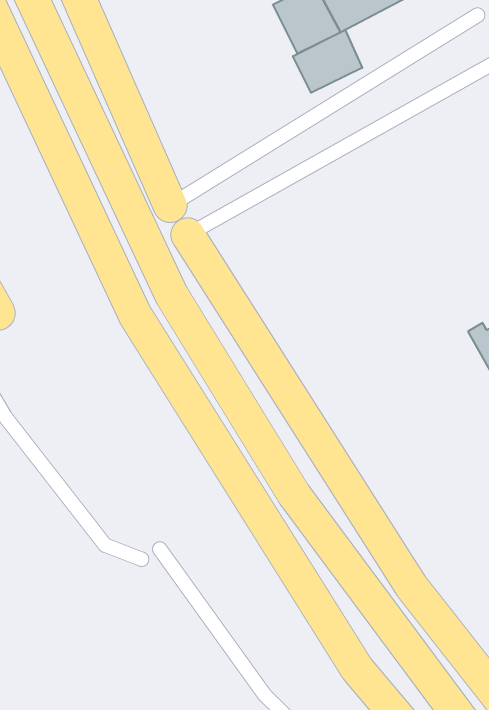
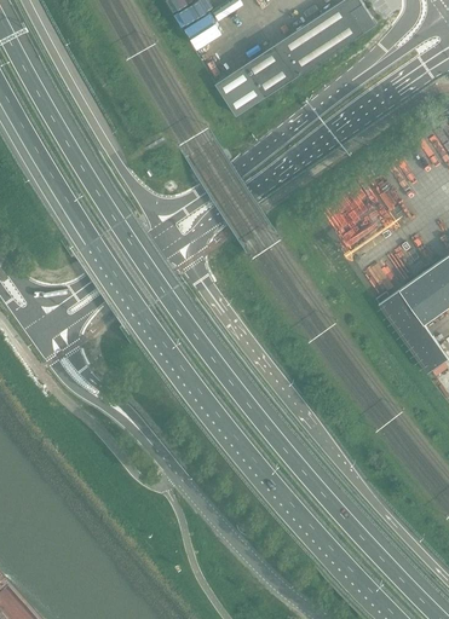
building: [293,30,362,93] -> none

